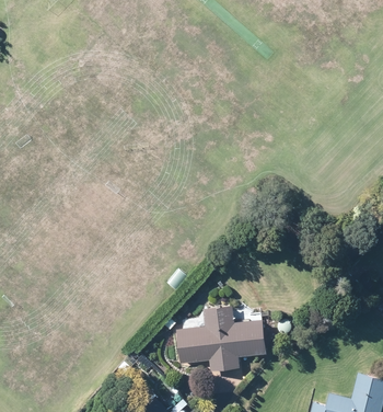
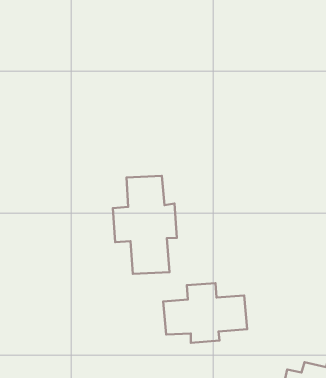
building: none -> [113,176,177,274]

